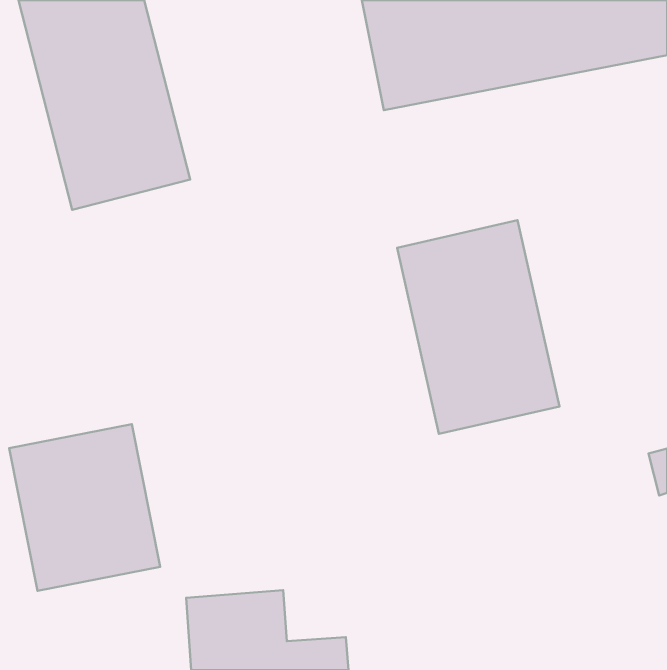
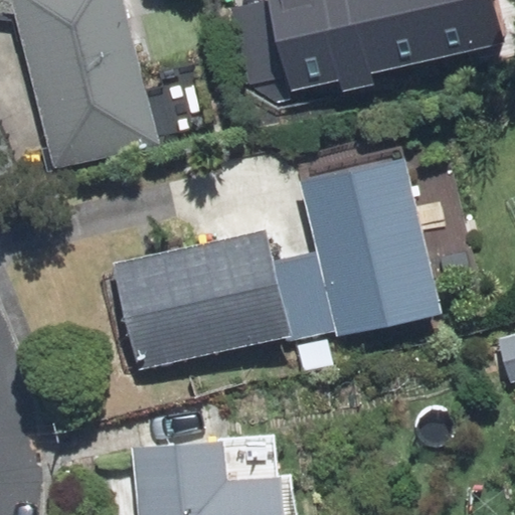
building: none -> [126,243,272,363]
building: [9,424,160,591] -> none

